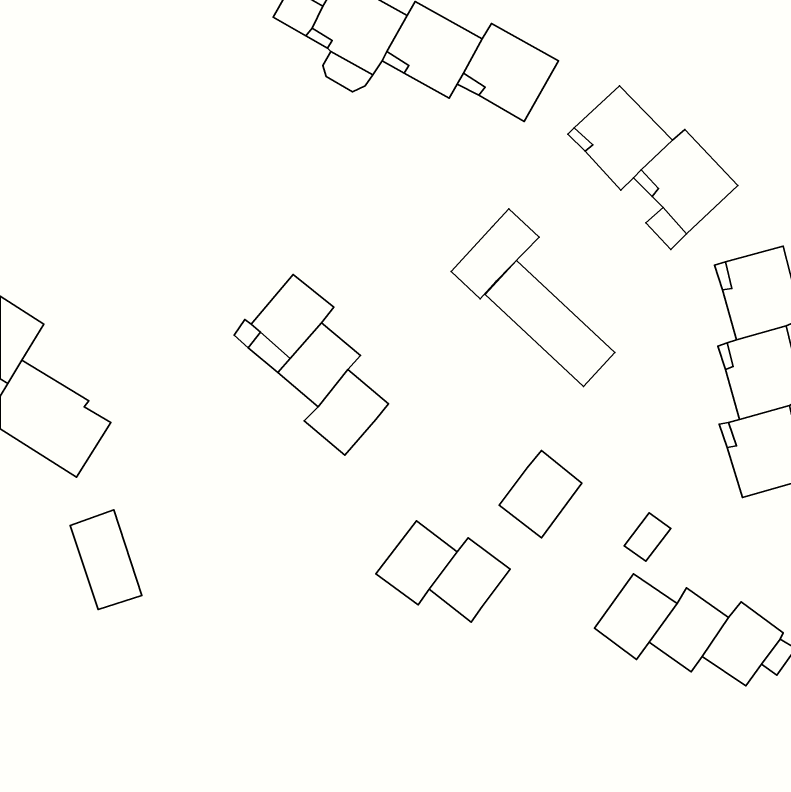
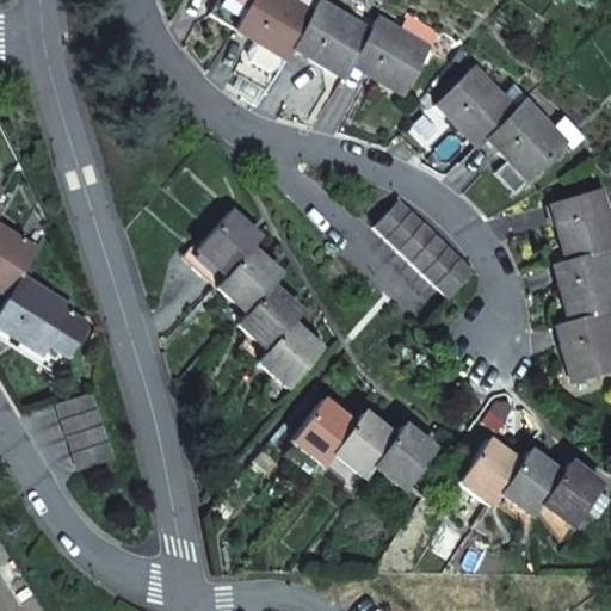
building: [451,209,539,299] -> none
building: none -> [259,321,322,385]
building: [499,451,582,538] -> [374,422,437,489]

